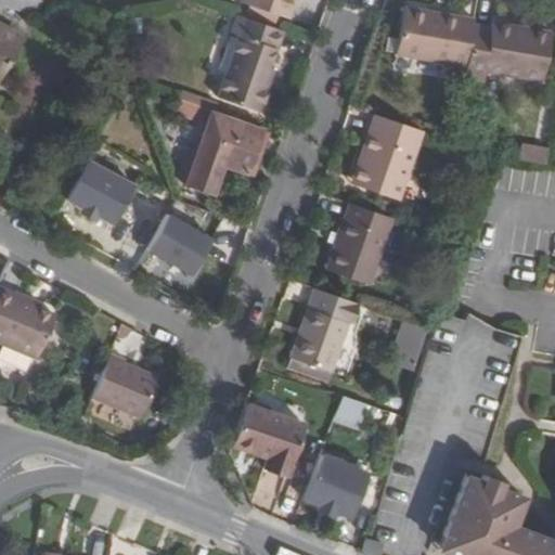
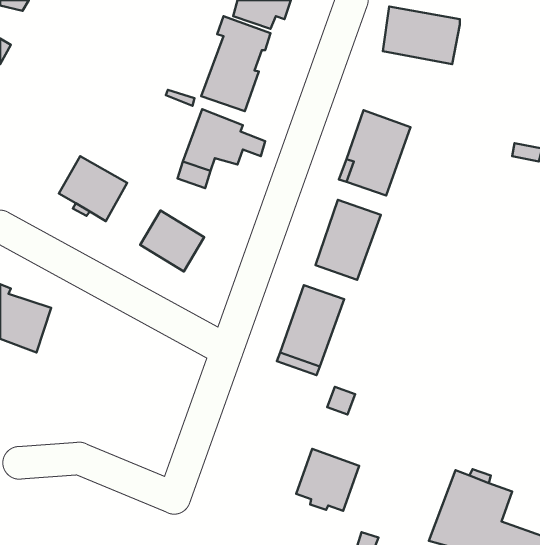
building: [464,24,550,82] -> none
building: [95,353,160,415] -> none
building: [231,402,304,474] -> none

